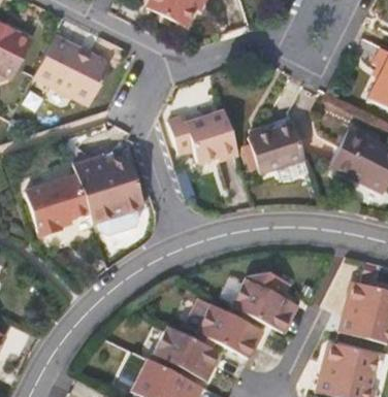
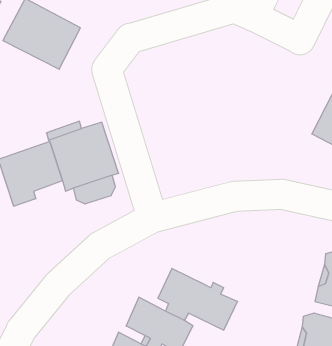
building: [169,110,239,165] -> none
building: [251,120,308,171] -> none
building: [229,274,296,333] -> none

